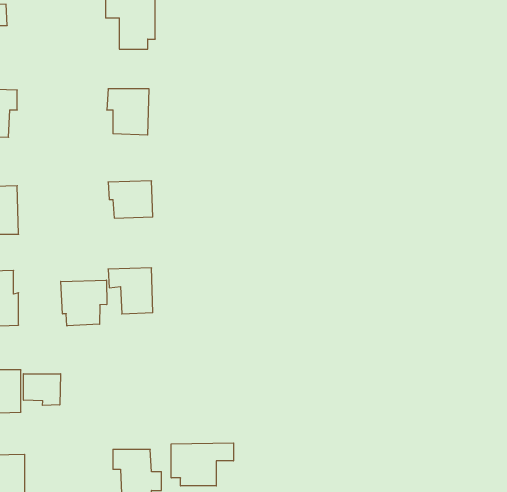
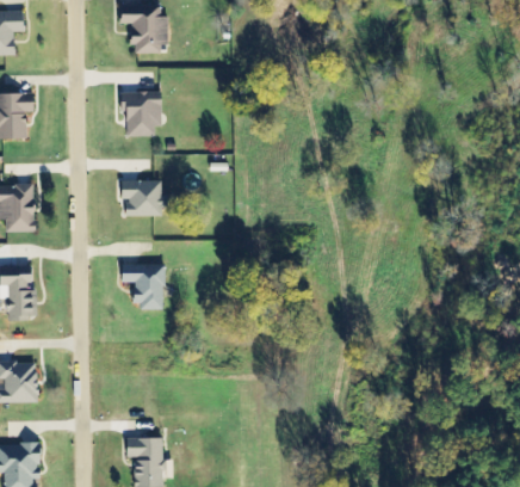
building: [61,280,107,326] -> none
building: [23,374,61,405] -> none
building: [171,443,233,486] -> none

